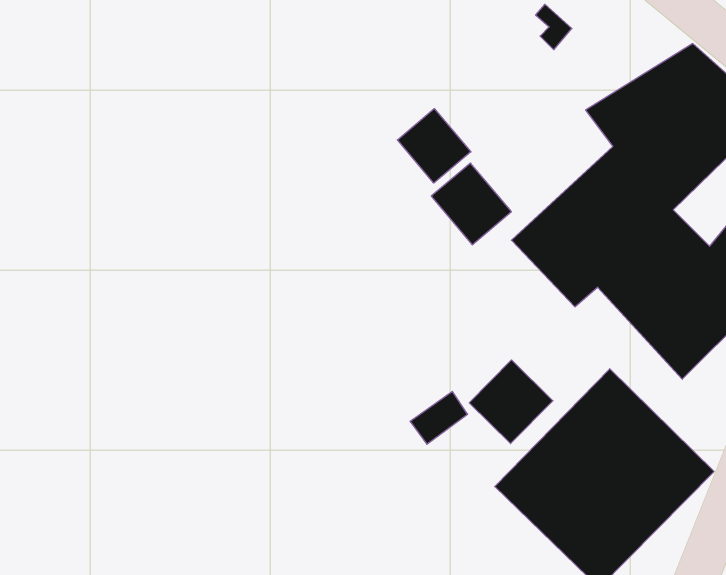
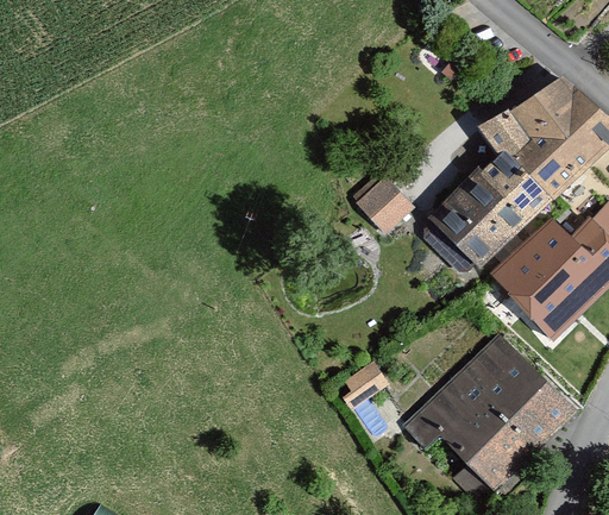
building: [397,109,471,183] -> none
building: [469,360,553,444] -> none

